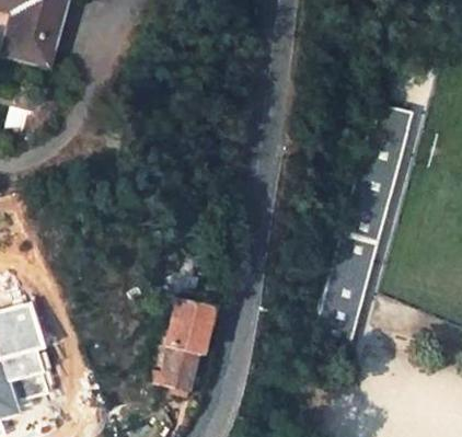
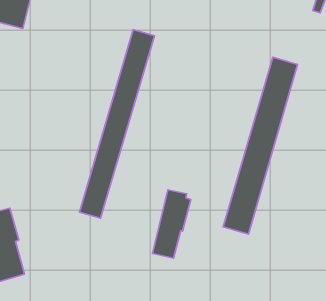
building: none -> [80,29,155,218]
building: [159,299,210,391] -> [152,190,191,258]

